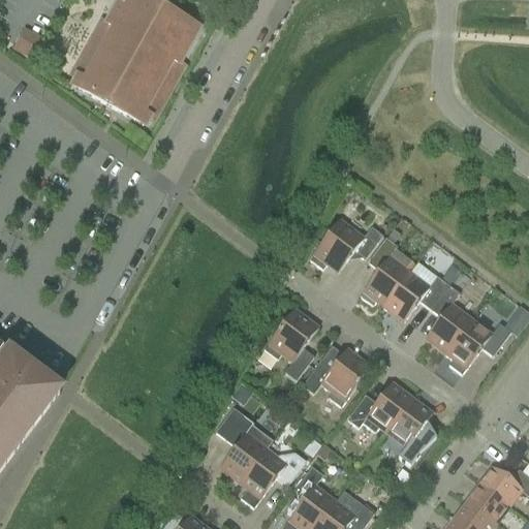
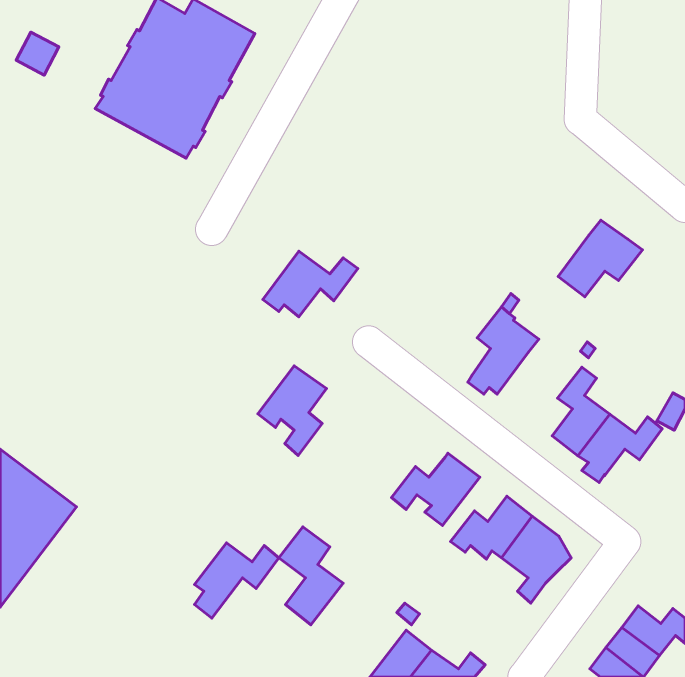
building: [310,220,383,271] -> [263,251,358,317]
building: [383,260,448,319] -> [558,220,643,297]
building: [264,310,317,379] -> [258,366,326,456]
building: [240,449,305,507] -> [194,543,279,618]

